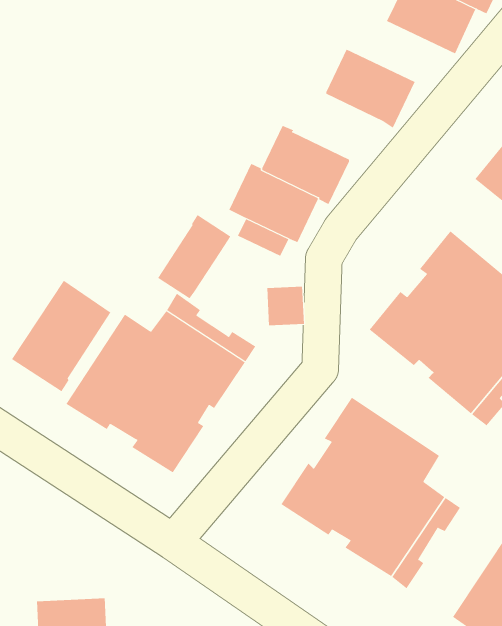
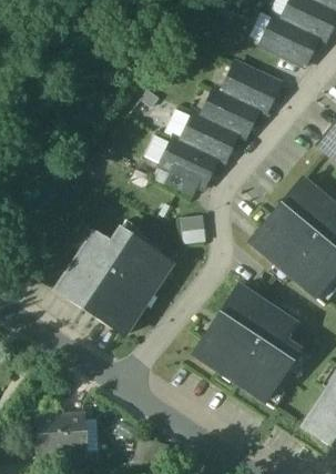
building: none -> [201,87,258,138]
building: [158,214,231,299] -> none
building: [11,280,111,392] -> none

